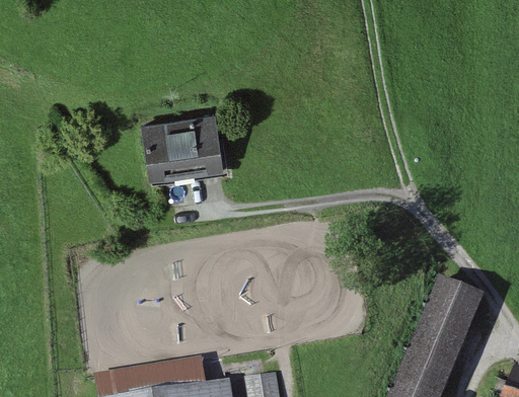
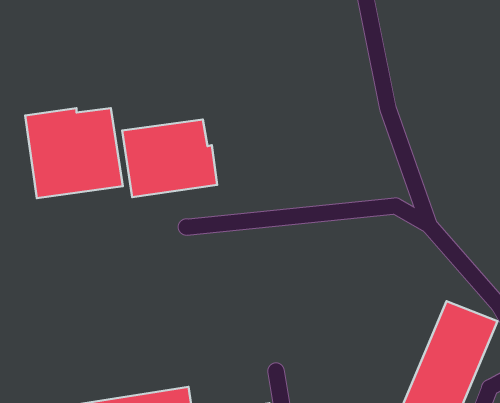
building: none -> [25,108,123,198]

